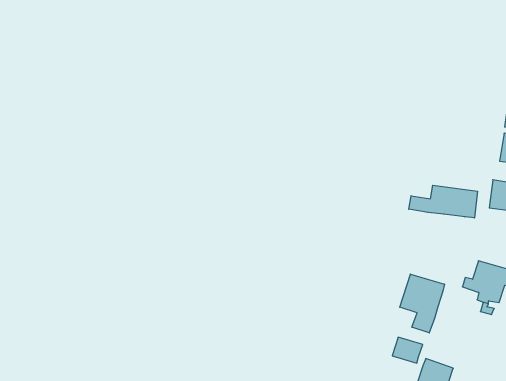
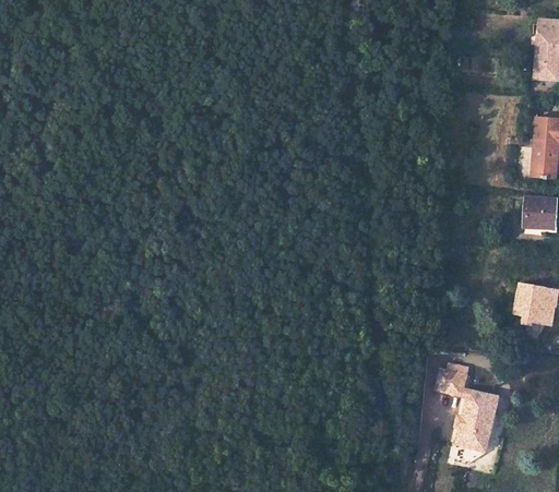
building: [409,185,477,218] -> none
building: [400,274,444,333] -> none

